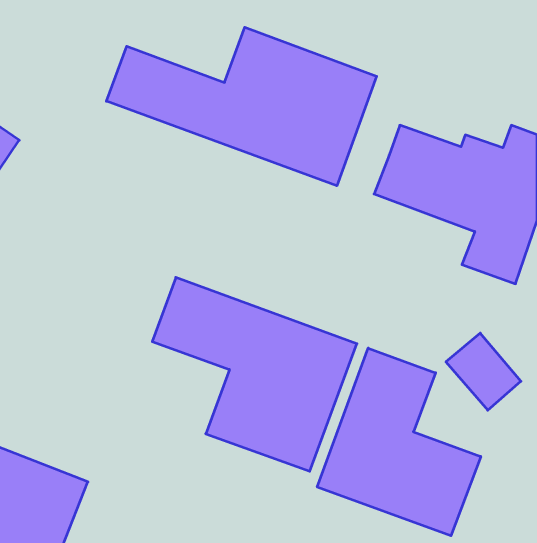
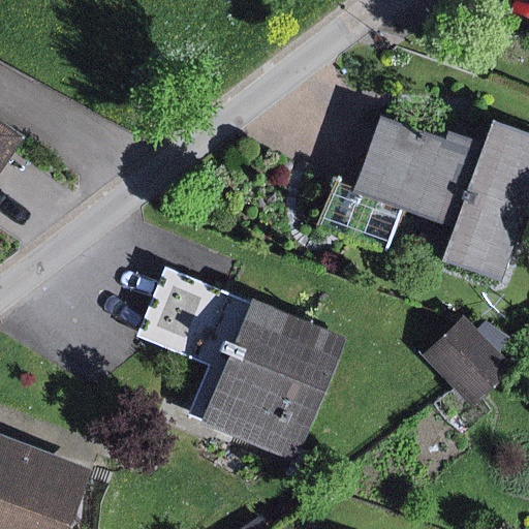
building: [106,27,377,186] -> none
building: [317,348,481,536] -> none

